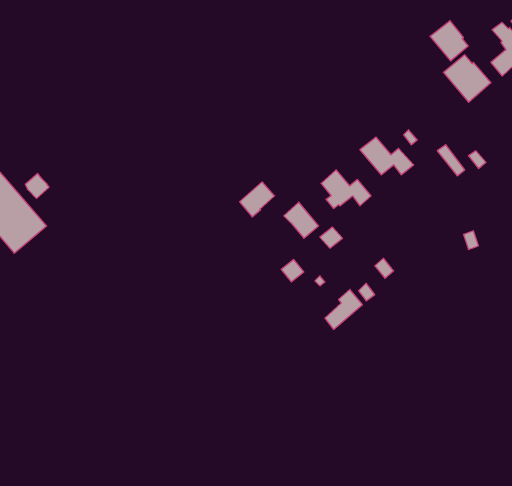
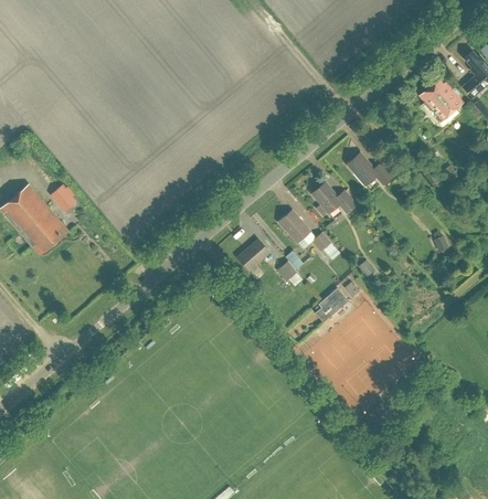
building: [430,21,468,61] -> none
building: [240,182,275,217] -> [238,240,269,270]

